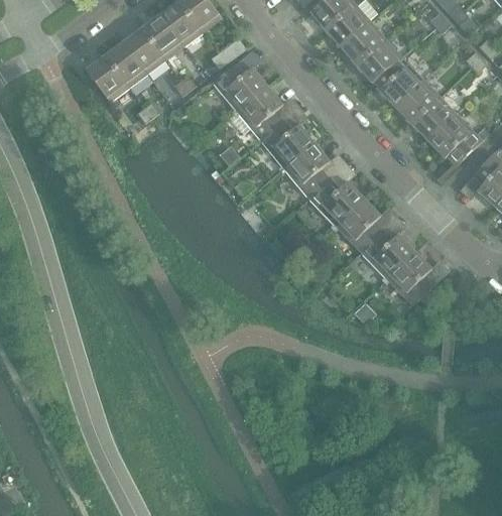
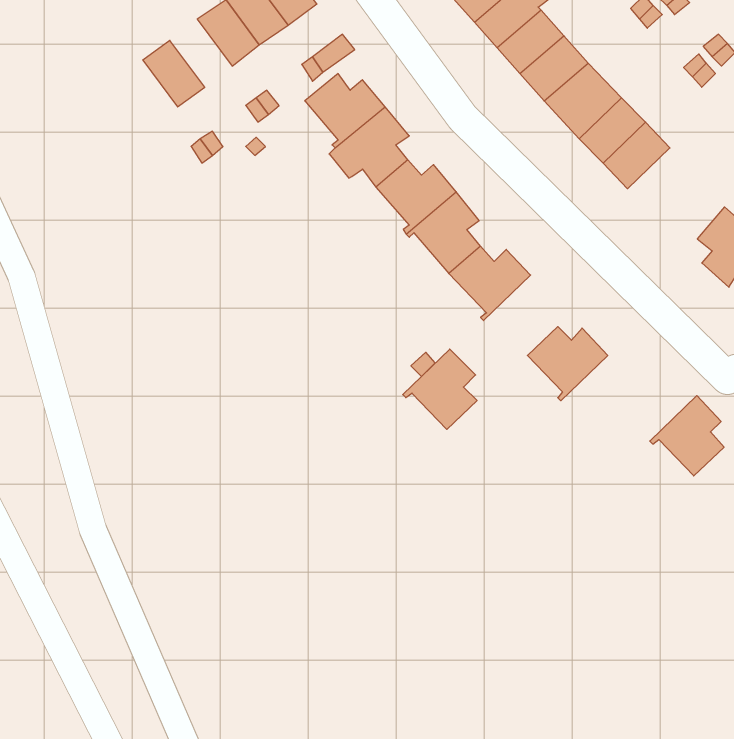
building: [124,27,165,73] -> none
building: [87,54,129,101] -> none
building: [428,113,482,159] -> none
building: [333,198,382,251] -> [403,349,477,429]
building: [384,251,433,304] -> [650,396,724,476]

